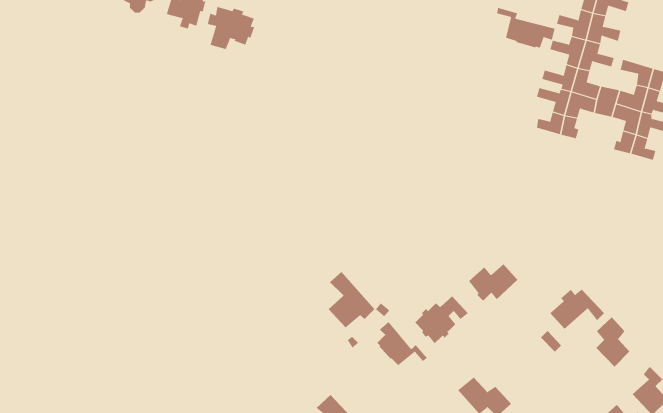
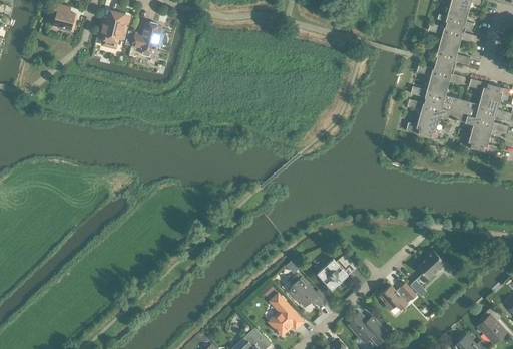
building: [207,6,255,50] -> none
building: [497,7,555,49] -> none
building: [468,264,518,301] -> [379,283,416,311]
building: [328,271,375,328] -> [269,293,304,335]
building: [595,317,630,367] -> none

